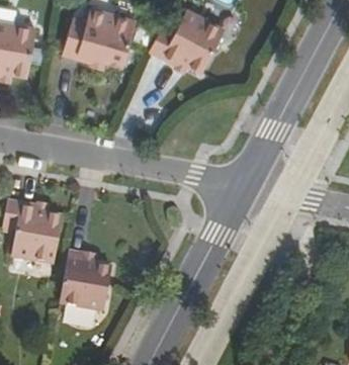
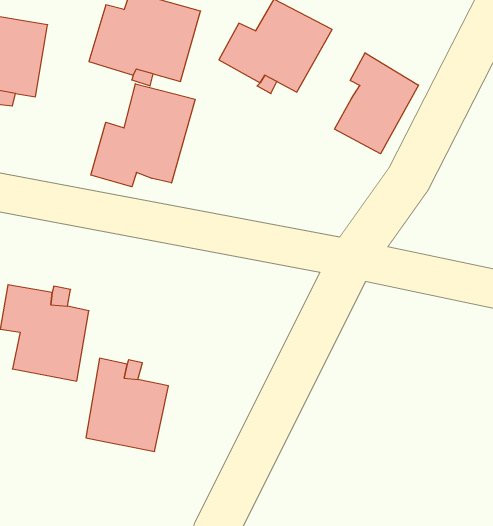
building: none -> [335,53,419,154]
building: none -> [91,84,195,187]

